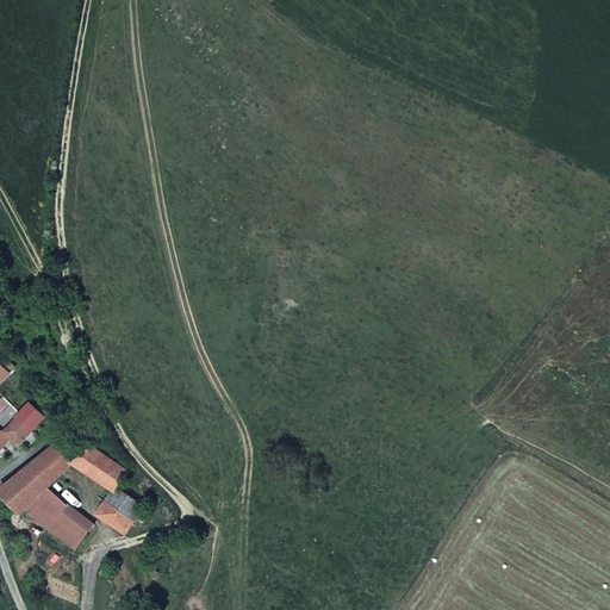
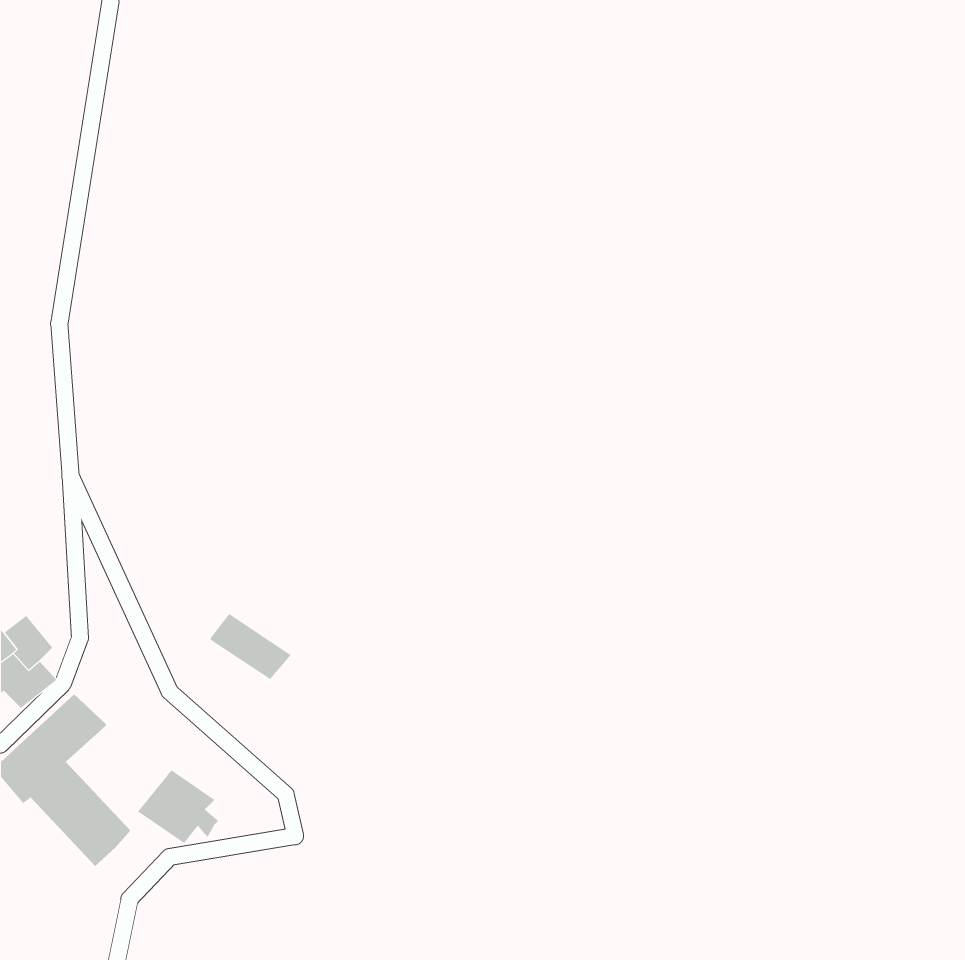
building: [71,446,123,487] -> [210,613,292,680]

